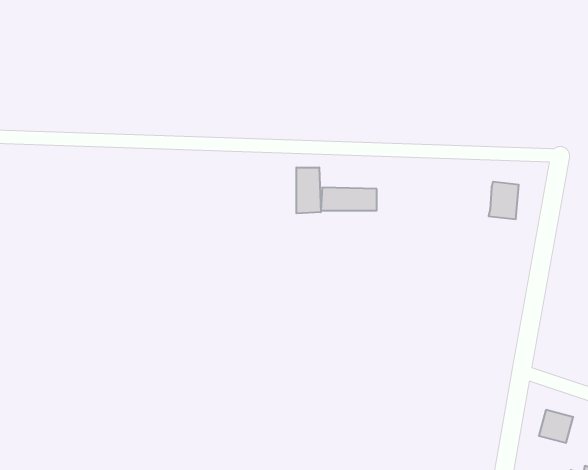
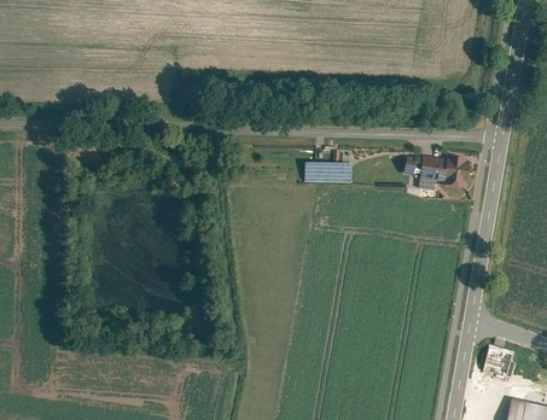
building: [296,167,321,213] -> none
building: none -> [406,158,447,180]

